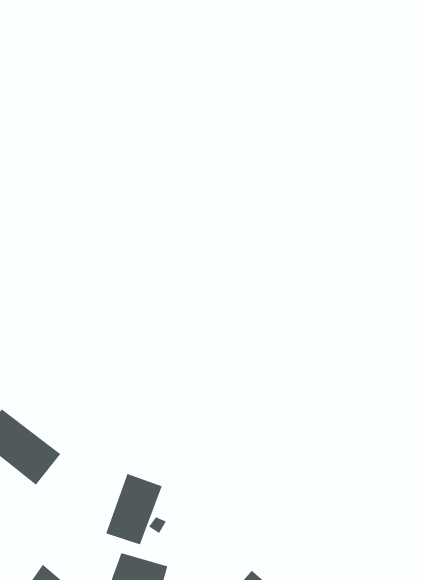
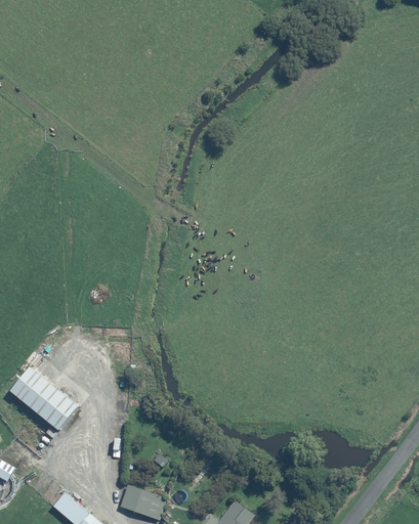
building: [106,473,163,545] -> none

